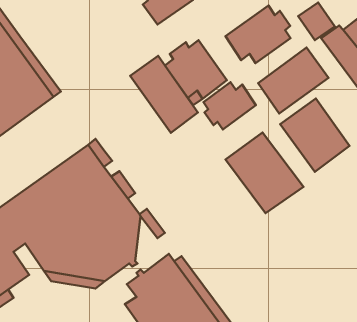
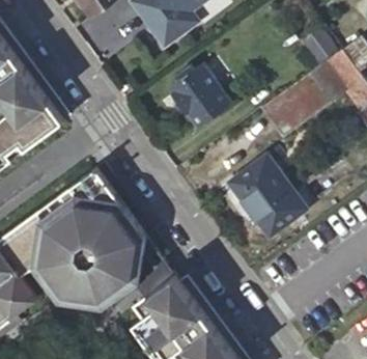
building: [226,6,291,63] -> none
building: [130,56,198,133] -> none
building: [203,82,256,130] -> none
building: [280,98,350,172] -> none

